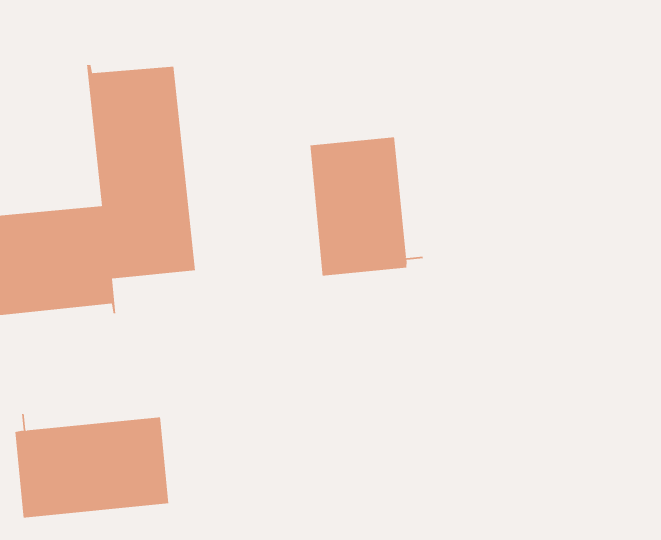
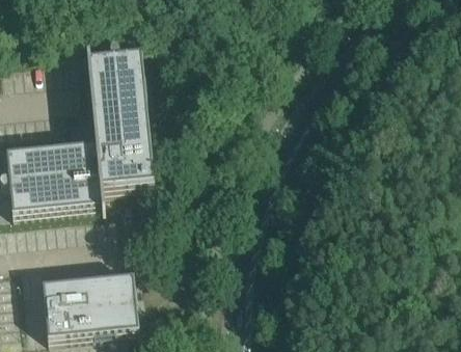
building: [310,136,423,276] -> none

